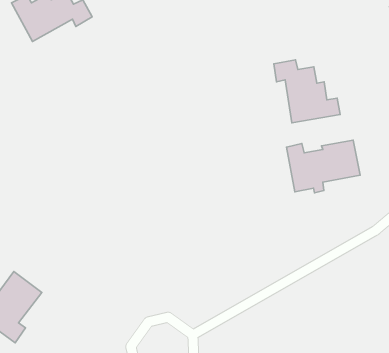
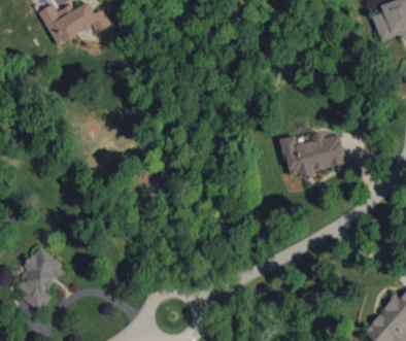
building: [274,60,340,123] -> none

